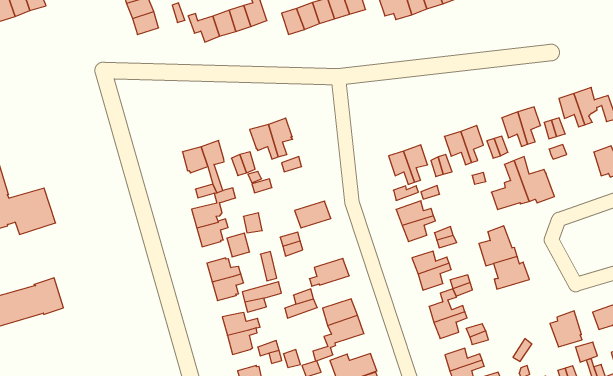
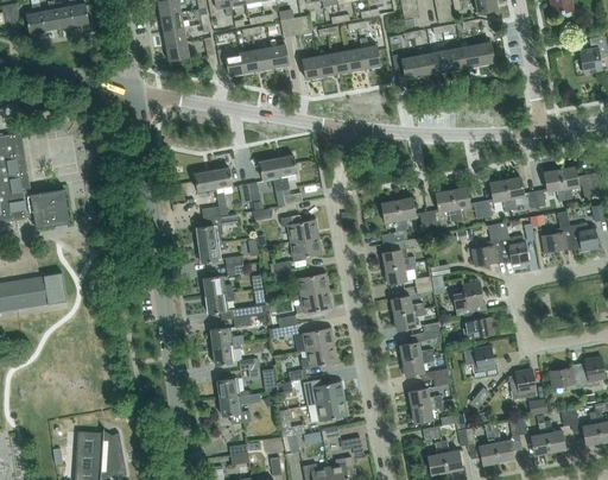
building: none -> [542,210,574,253]
building: none -> [281,214,318,241]
building: none -> [297,273,328,296]
building: none -> [464,346,499,379]

